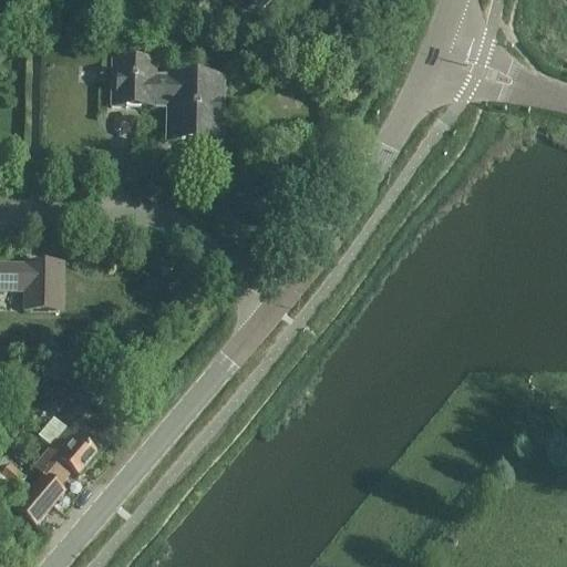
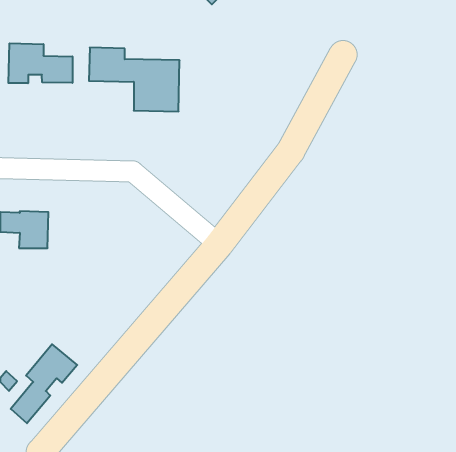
building: none -> [8,43,72,83]

